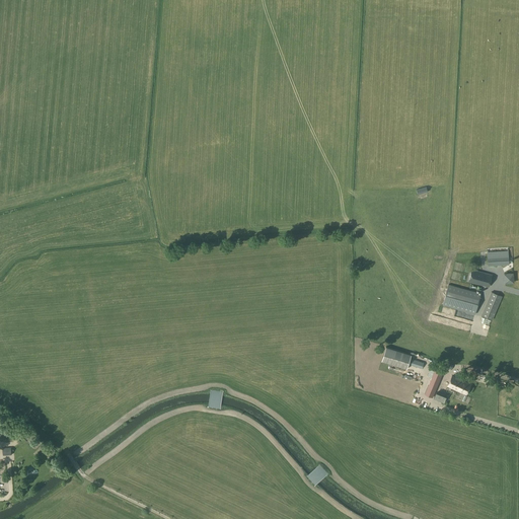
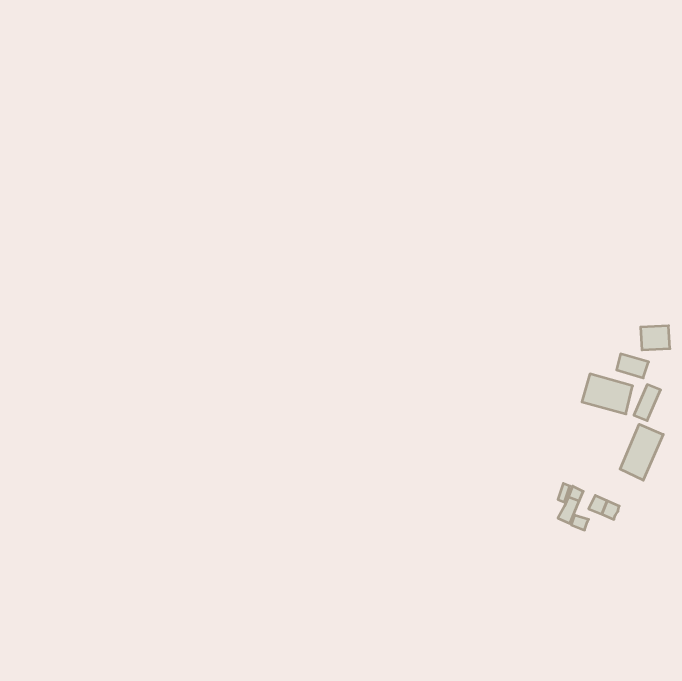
building: none -> [620,424,663,480]
building: [381,348,424,370] -> none

